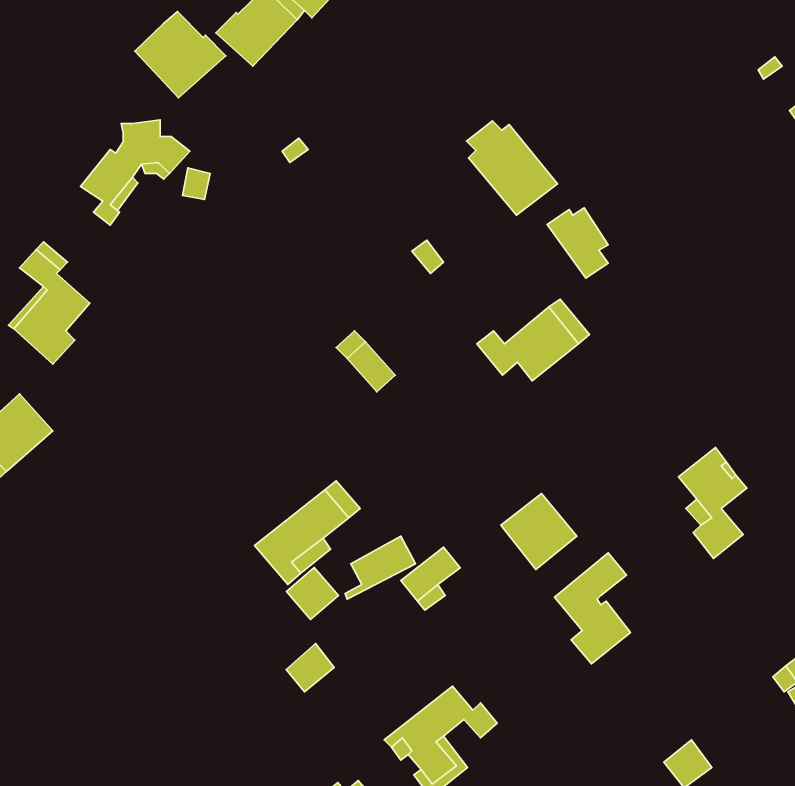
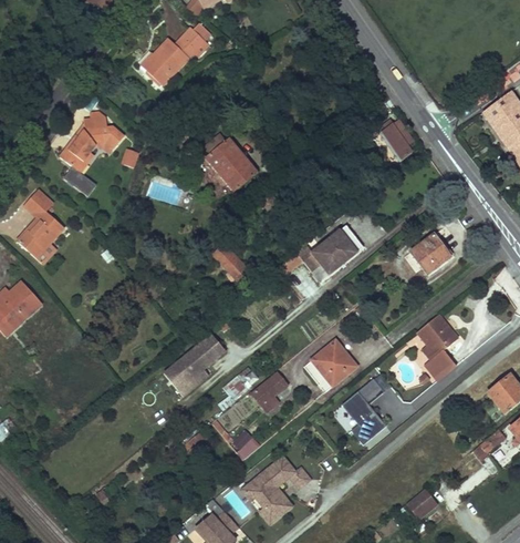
building: [135,12,226,98] -> none
building: [467,121,557,215] -> [204,135,258,192]
building: [547,208,608,278] -> [376,119,413,161]
building: none -> [410,234,450,274]
building: [287,568,338,619] -> [228,428,259,459]

